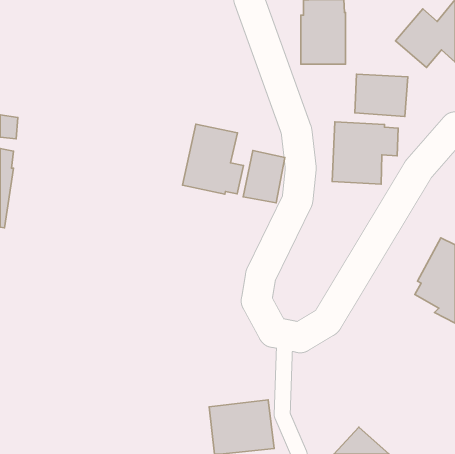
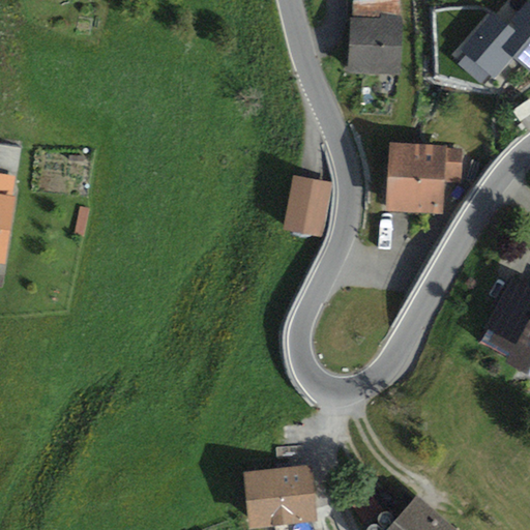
building: [355,74,408,116] -> none
building: [182,124,244,194] -> none

